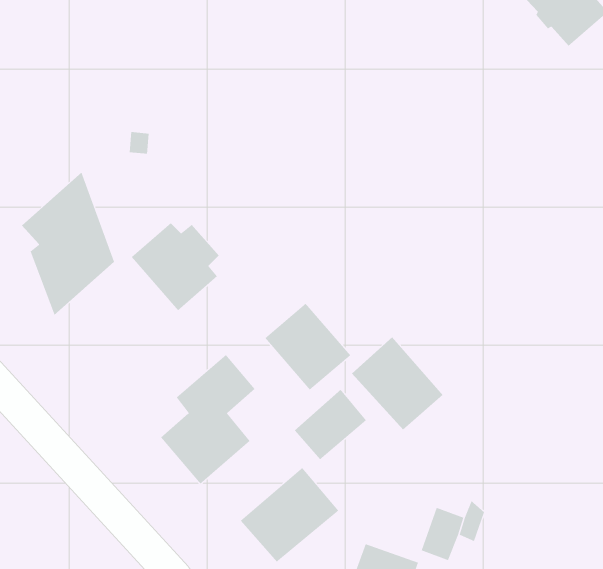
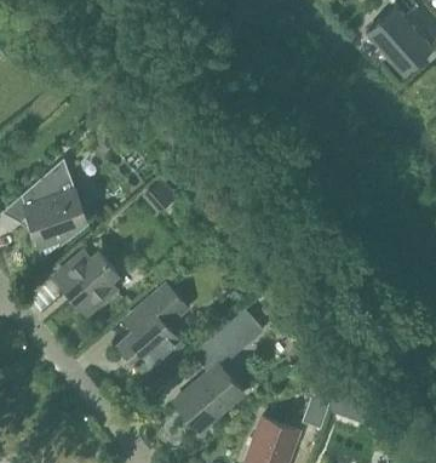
building: [131,222,220,311] -> [54,253,116,315]
building: [265,303,351,391] -> none
building: [351,337,444,430] -> none

